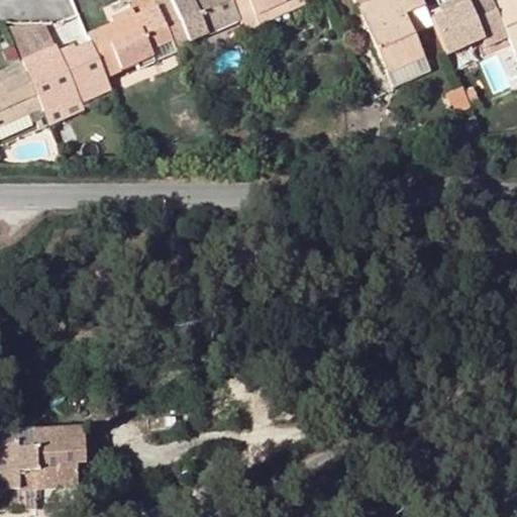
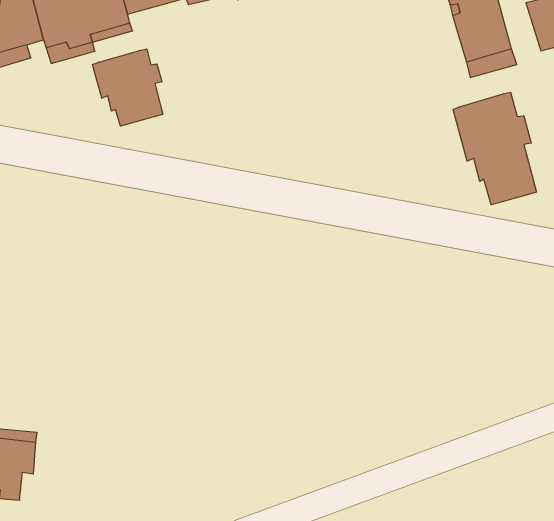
building: none -> [453,92,537,205]
building: none -> [93,49,163,126]

